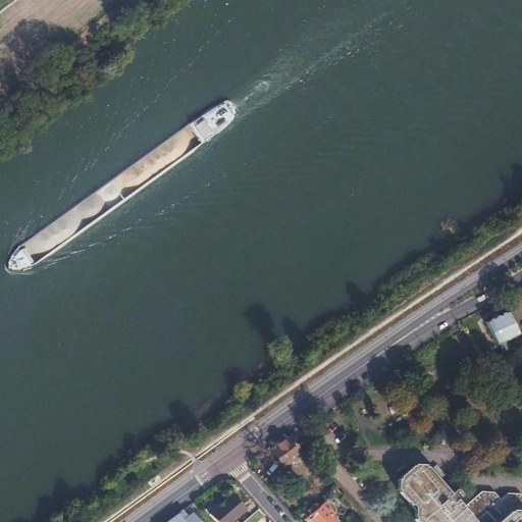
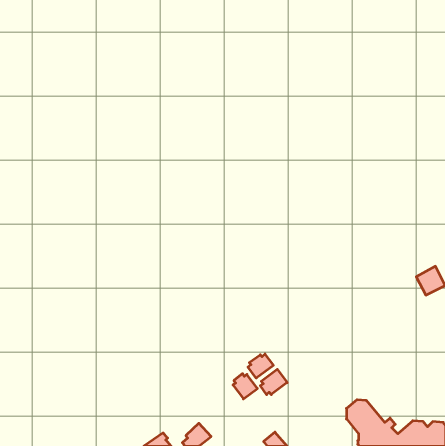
building: none -> [248,354,273,378]
building: none -> [260,369,287,395]

